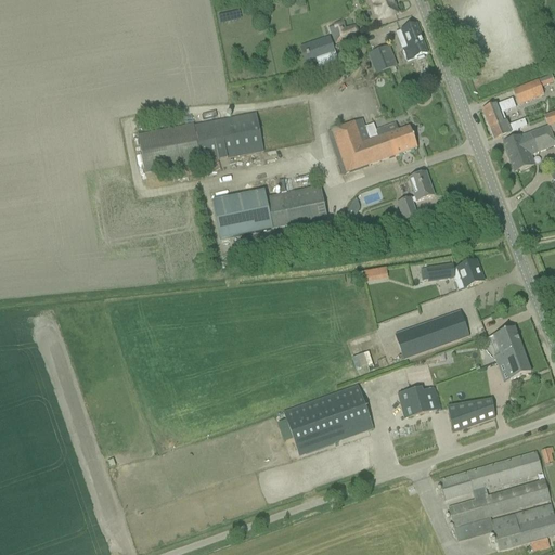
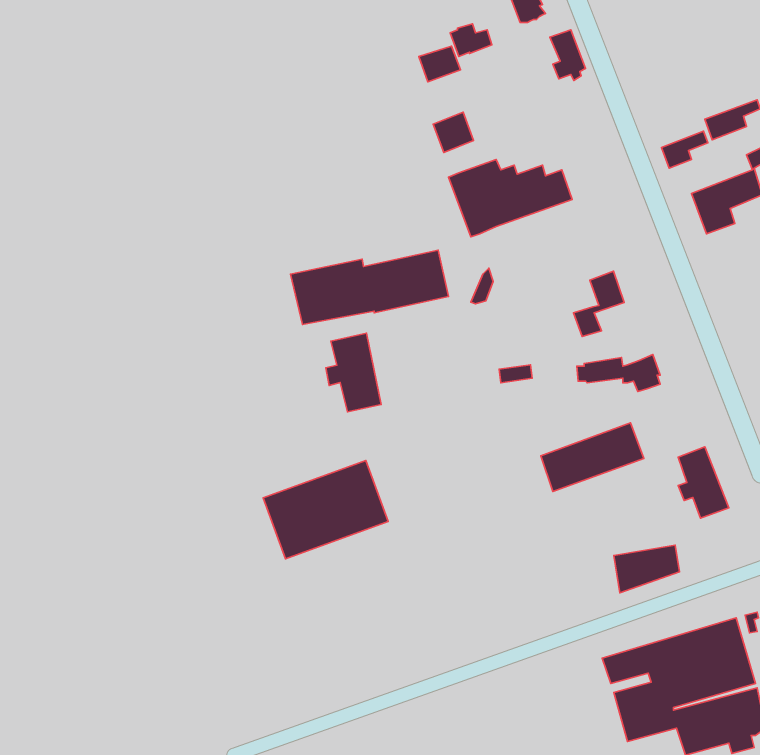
building: [367,42,397,72] -> [433,112,473,152]
building: [138,111,263,170] -> none
building: [488,116,526,138] -> none
building: [397,170,434,218] -> [573,271,624,337]
building: none -> [326,333,381,412]
building: [283,382,374,453] -> [263,461,388,559]
building: [397,384,440,416] -> none

